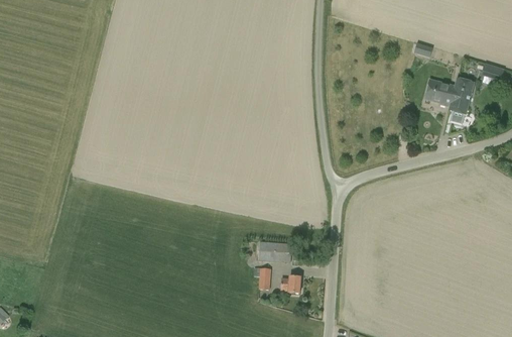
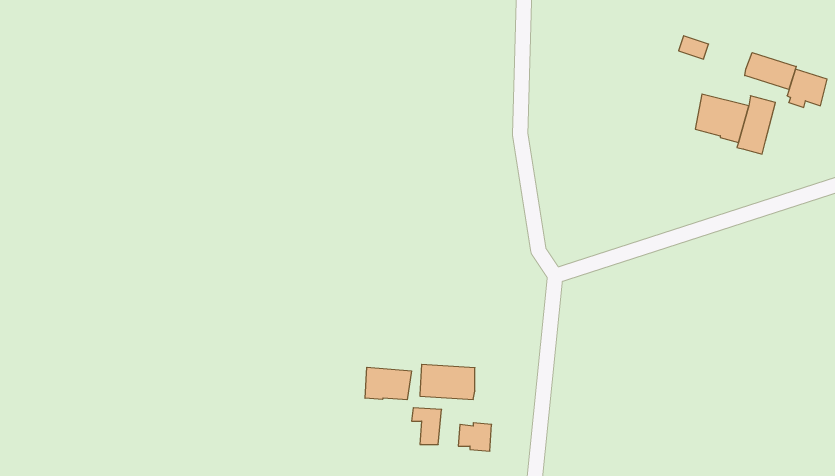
building: none -> [745,53,796,89]
building: none -> [365,367,411,400]

